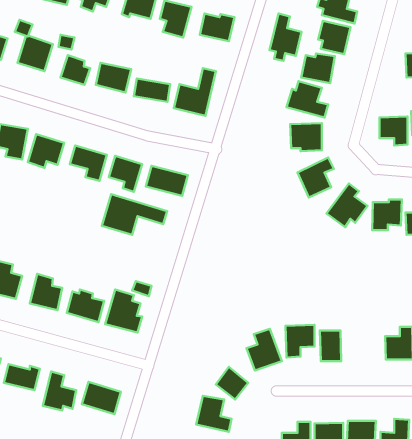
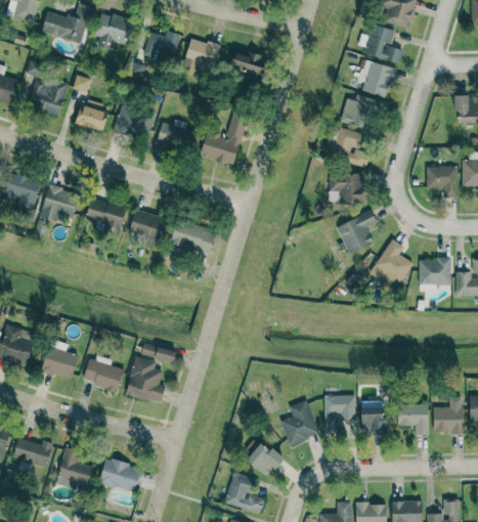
building: [270,13,301,61] -> none
building: [102,194,167,235] -> none
building: none -> [398,404,429,435]

